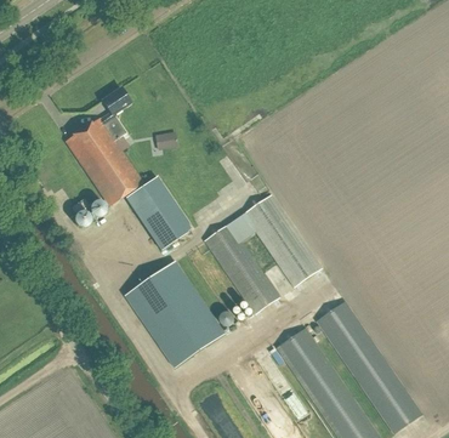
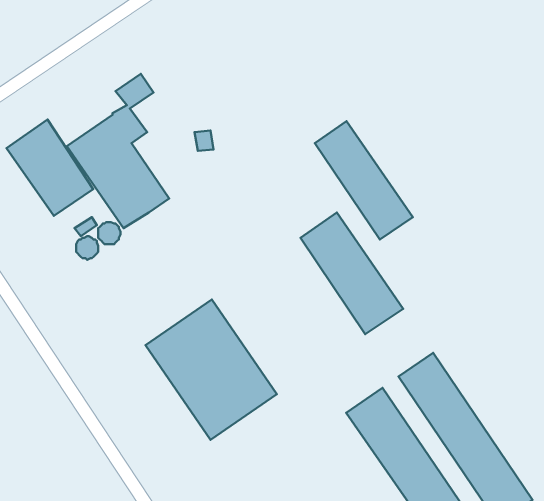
building: [124,175,191,249] -> [6,120,93,216]
building: [204,222,279,313] -> [315,121,413,239]

